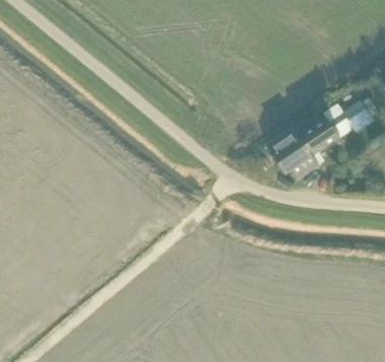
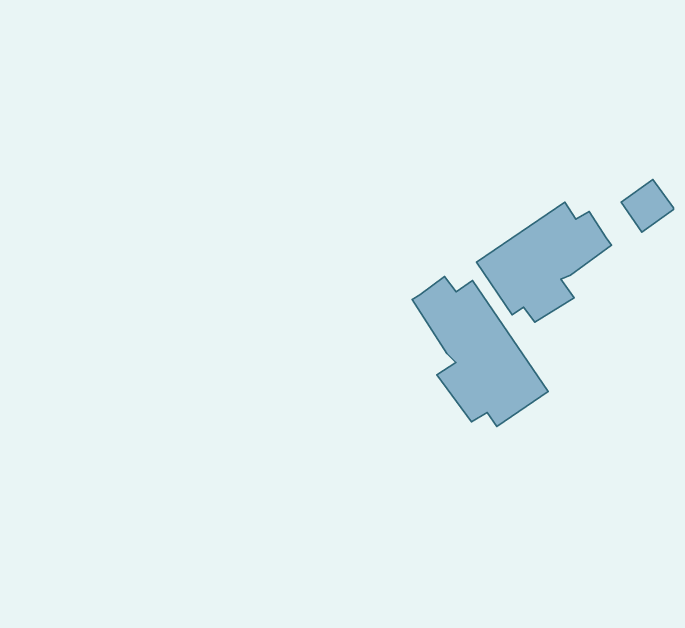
building: none -> [412,277,548,426]

